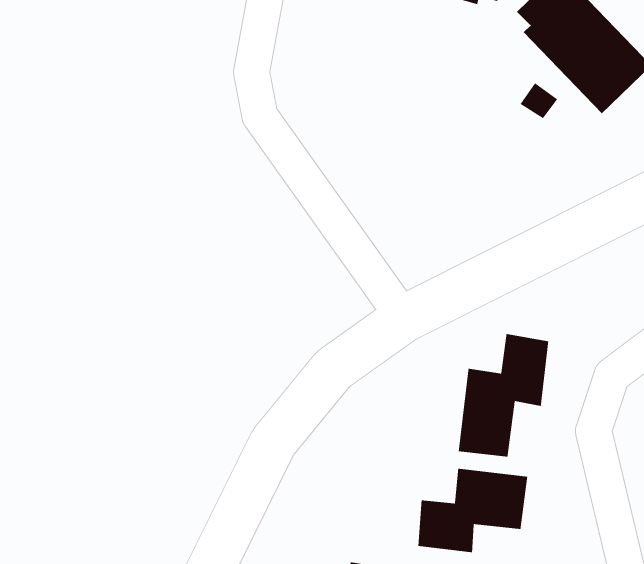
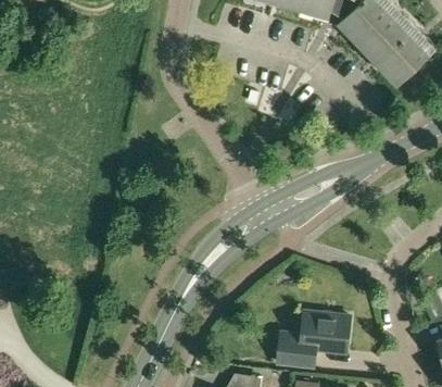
building: [458,333,549,457] -> none

